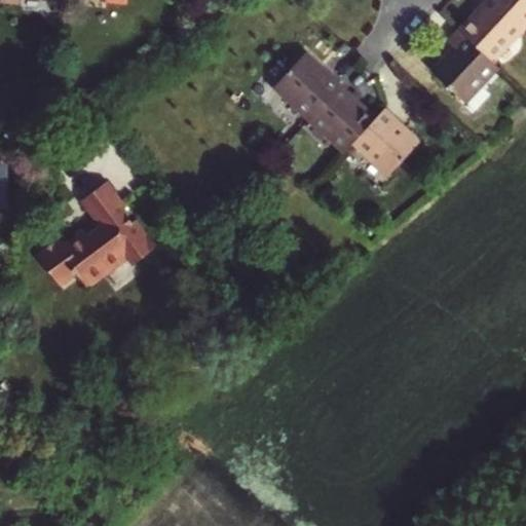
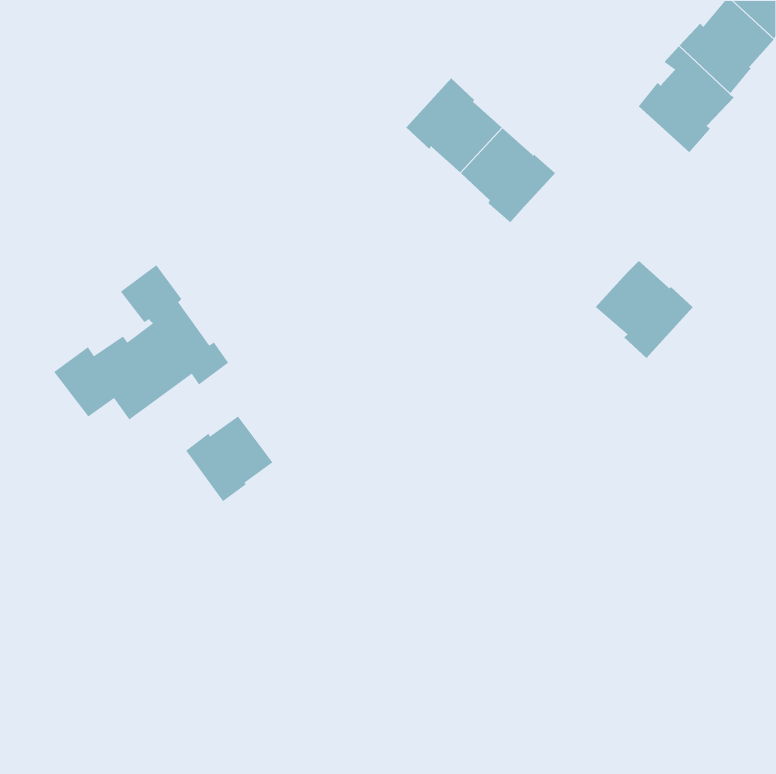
building: [354,110,421,177] -> [595,260,693,359]
building: none -> [185,415,274,502]

